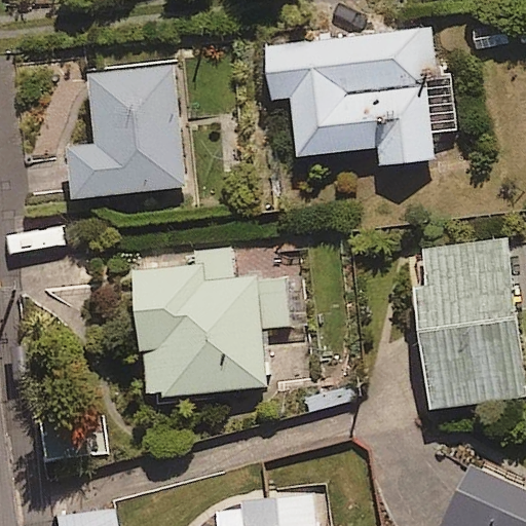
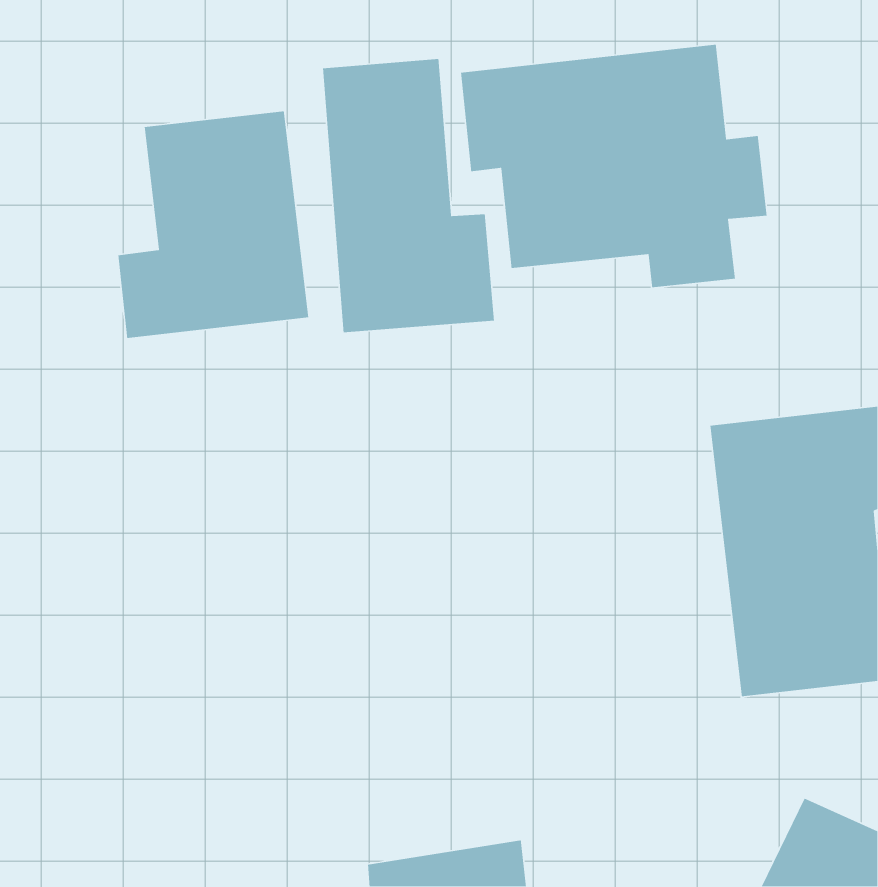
building: none -> [322,58,495,333]
building: [139,245,283,398] -> none

